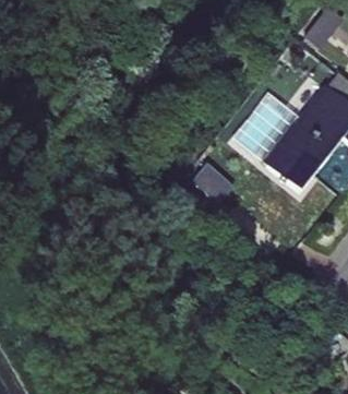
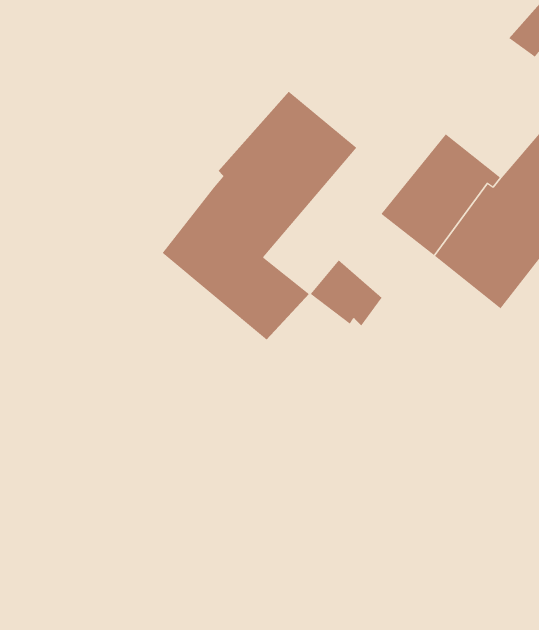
building: none -> [162,91,357,340]

